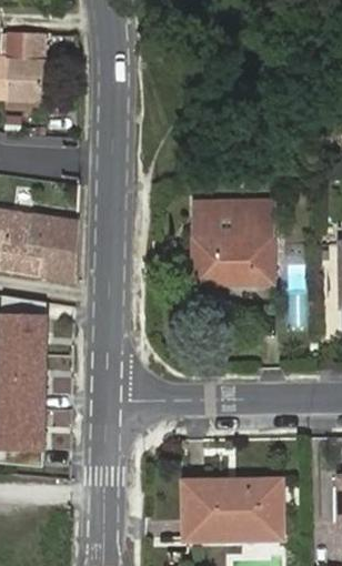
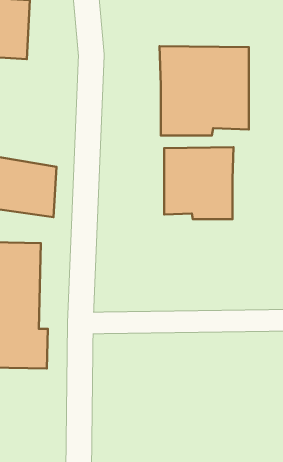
building: none -> [159,46,249,136]
building: [179,482,273,536] -> none

